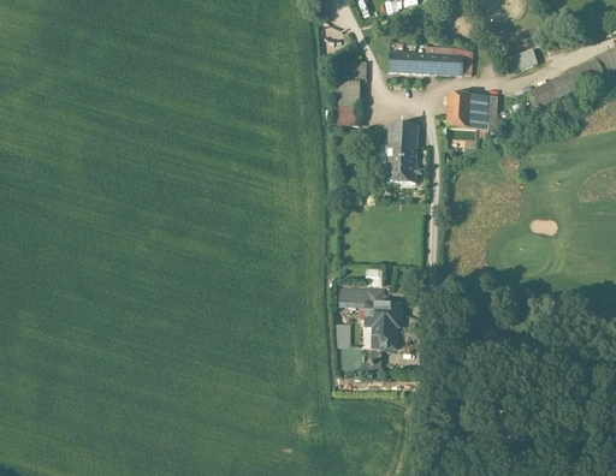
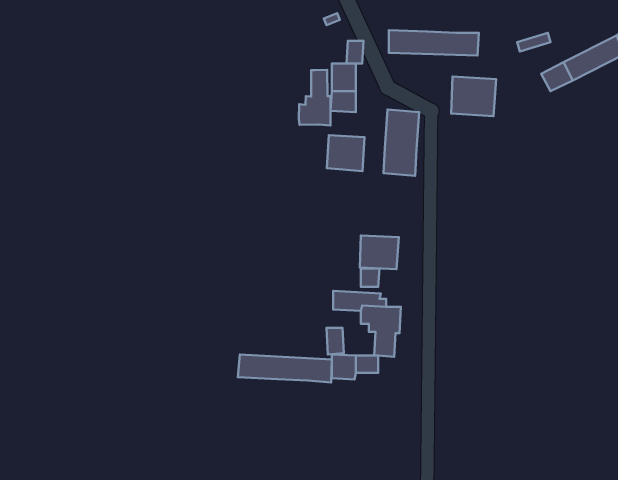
building: none -> [299,70,331,125]
building: none -> [327,135,365,171]
building: none -> [360,235,399,269]
building: none -> [238,354,332,382]

